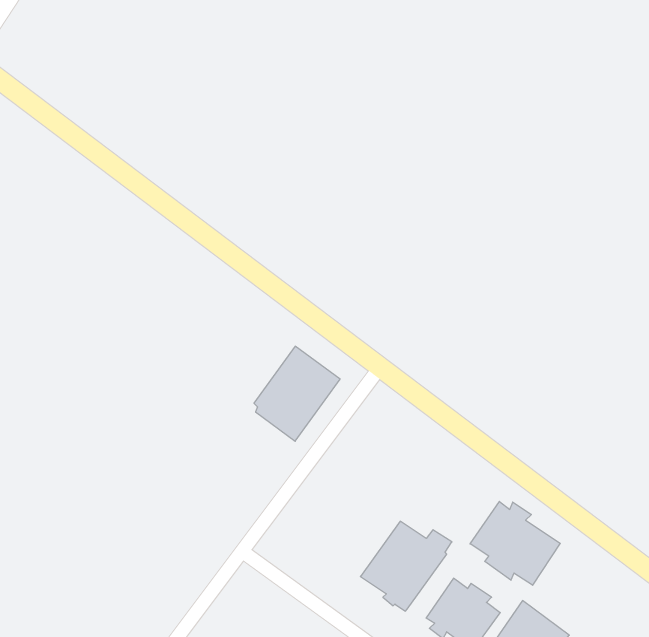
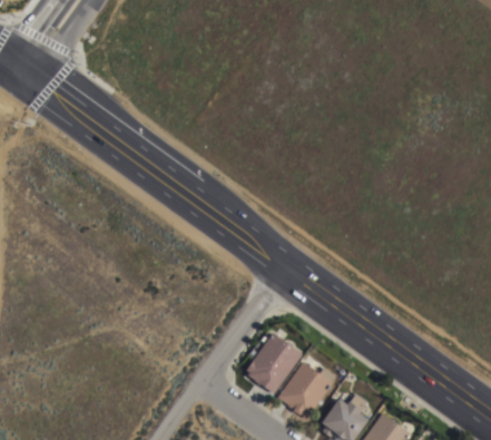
building: [254,346,340,441] -> [246,332,302,393]
building: [470,501,560,585] -> none

